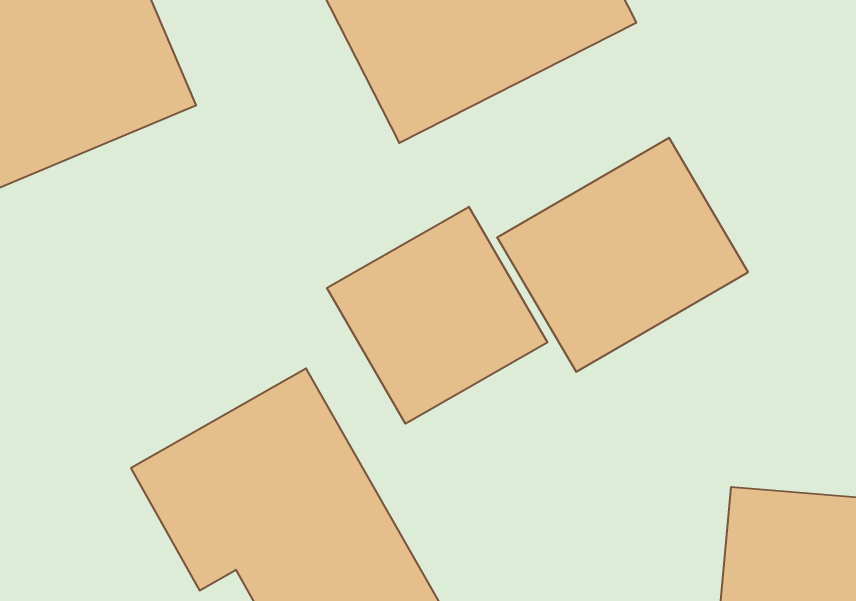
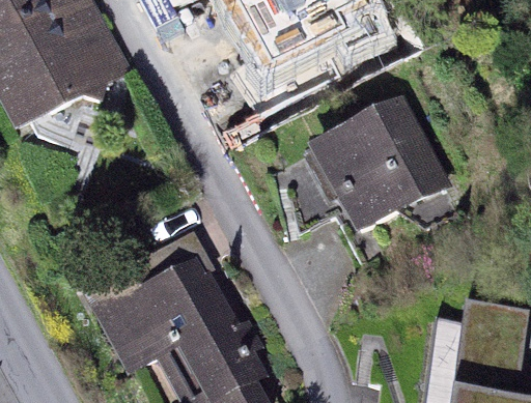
building: [327,207,547,424] -> none

